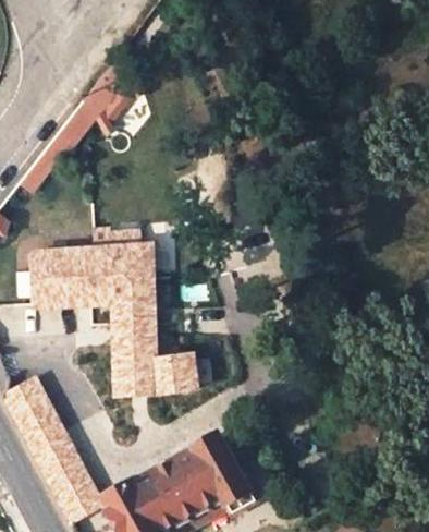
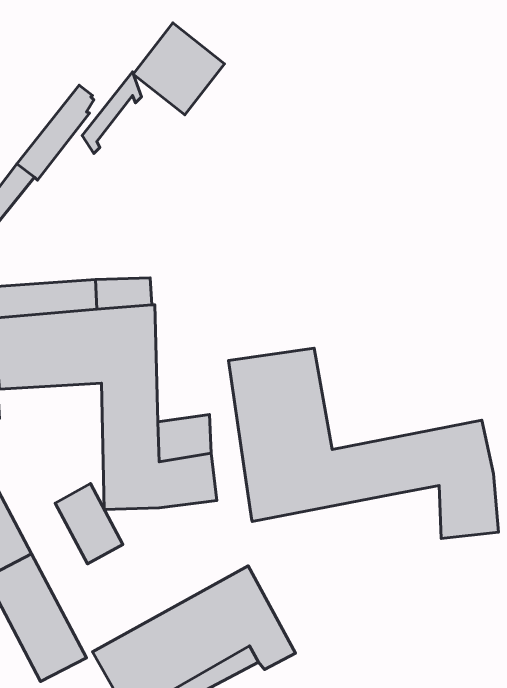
building: none -> [133,23,224,115]
building: none -> [229,348,499,539]
building: none -> [55,484,123,564]

